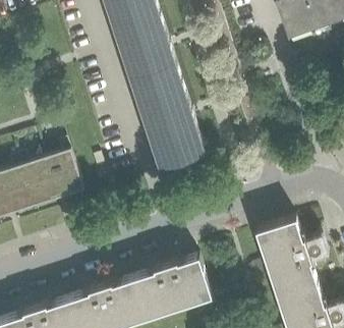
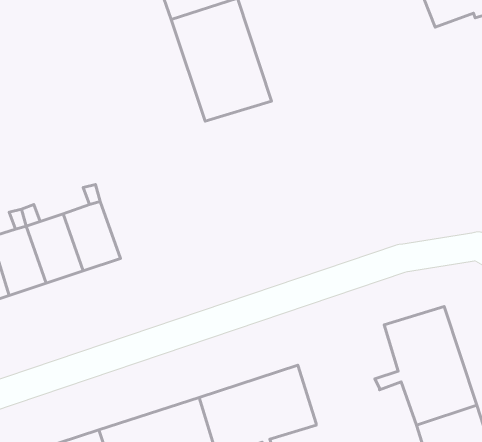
building: [136,85,203,166] -> none

